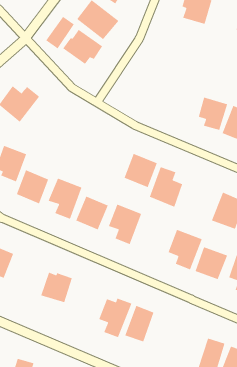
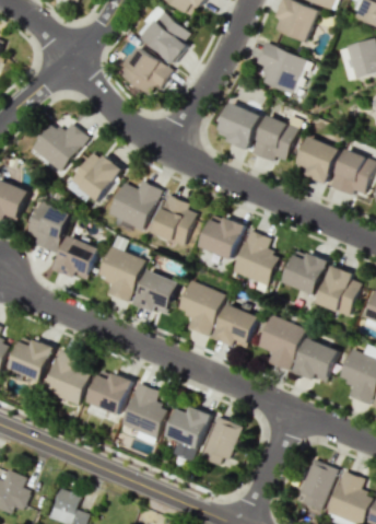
building: [45,16,75,49] -> none
building: none -> [255,42,305,94]
building: none -> [215,102,260,148]
building: none -> [250,115,297,161]
building: none -> [70,151,120,200]
building: none -> [107,181,160,230]
building: none -> [151,196,198,245]
building: none -> [281,247,327,294]
building: none -> [212,303,258,349]
building: none -> [42,348,90,404]
building: none -> [121,382,165,444]

